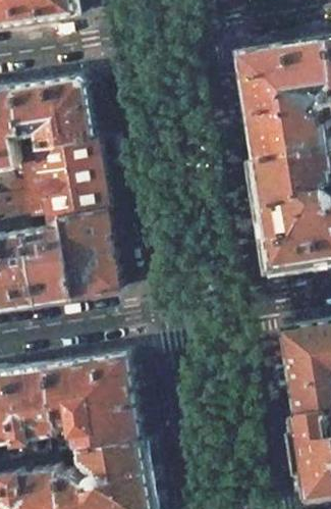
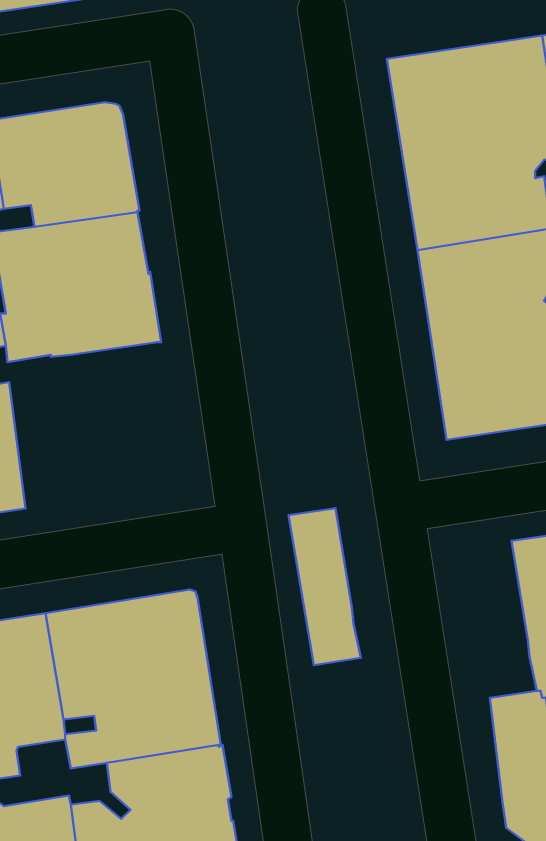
building: [22,212,118,306] -> none
building: [279,324,320,413] -> [289,508,361,665]

